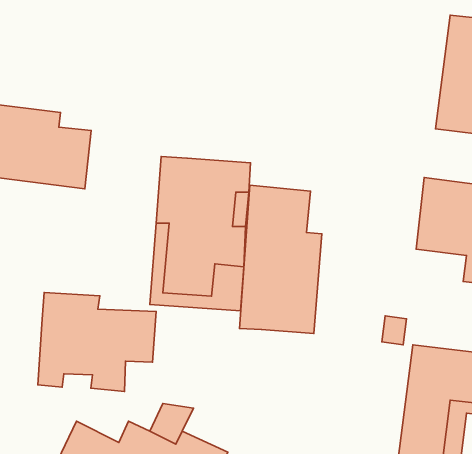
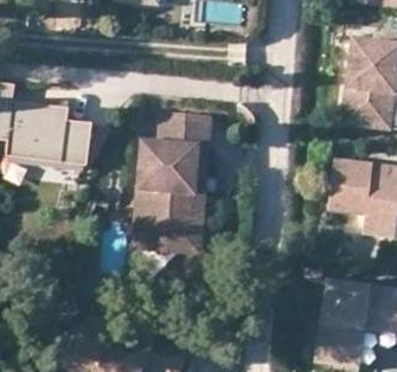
building: none -> [161,113,210,146]
building: [239,185,322,334] -> none
building: [38,292,156,392] -> none

